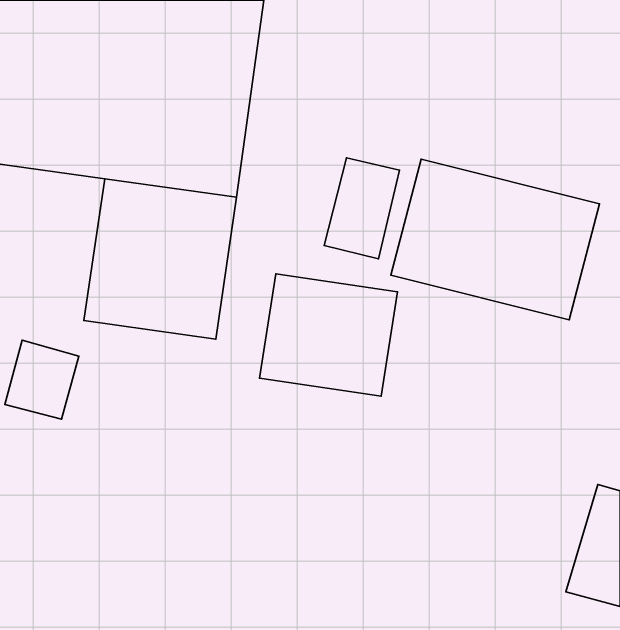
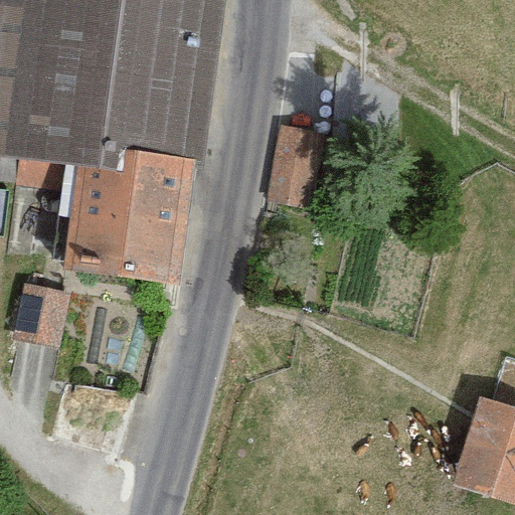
building: [391,159,600,320] -> none
building: [260,274,397,396] -> none

